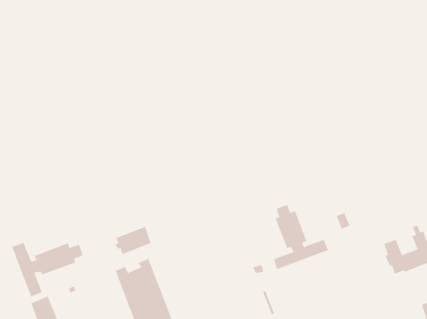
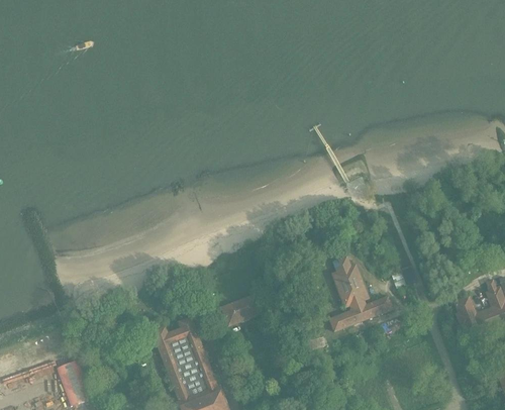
building: [115,226,152,255] -> [220,294,262,326]
building: [11,242,84,297] -> none

